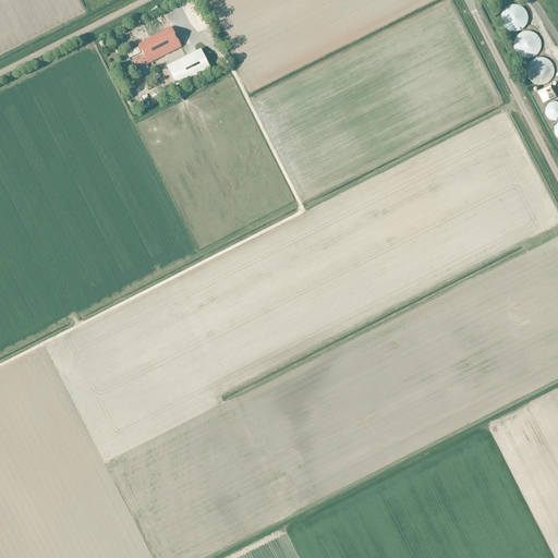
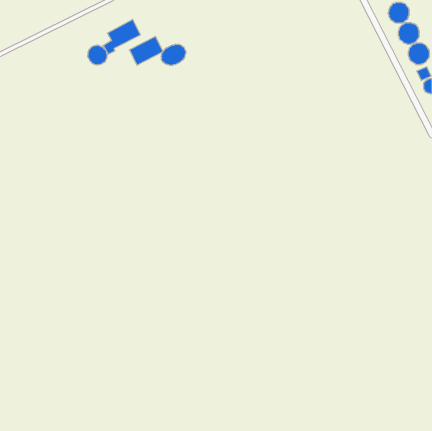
building: none -> [161,44,186,66]
building: none -> [88,45,107,65]

